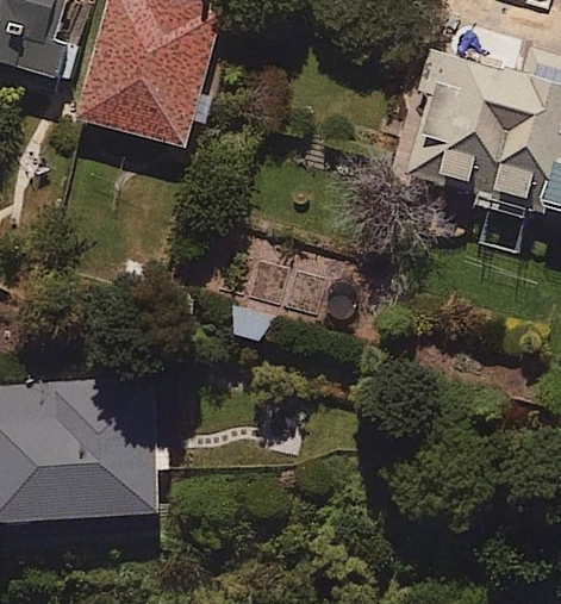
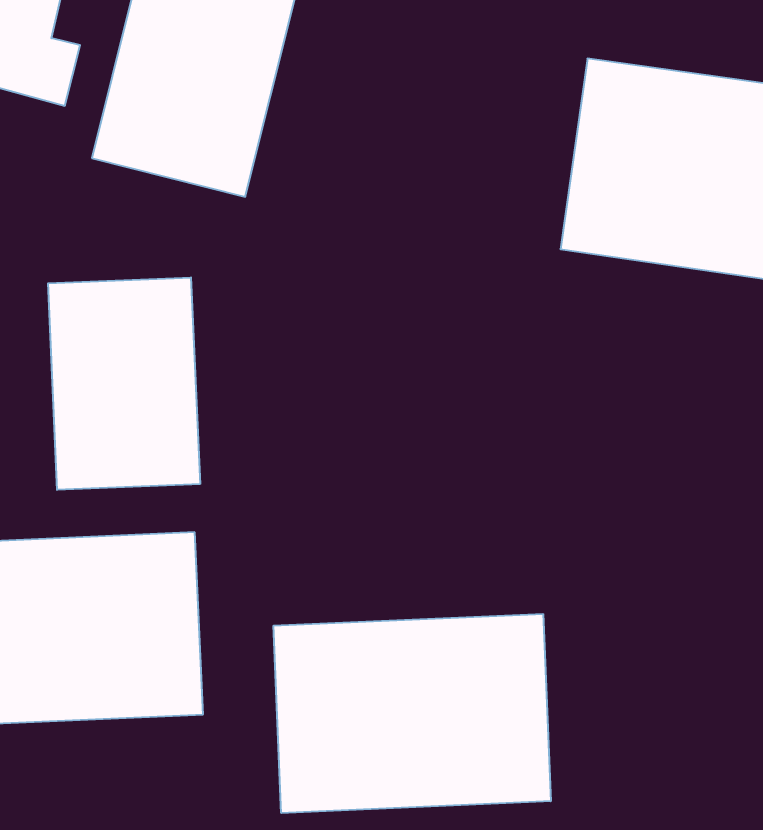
building: none -> [48,277,200,490]
building: none -> [274,614,551,813]

